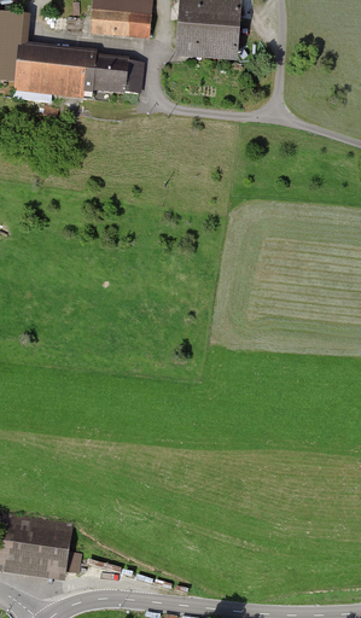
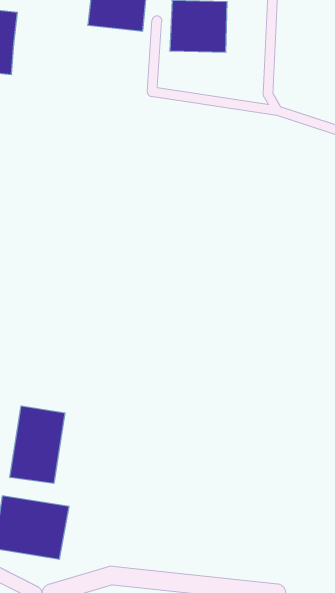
building: [13,46,144,92] -> none
building: none -> [10,406,65,483]

